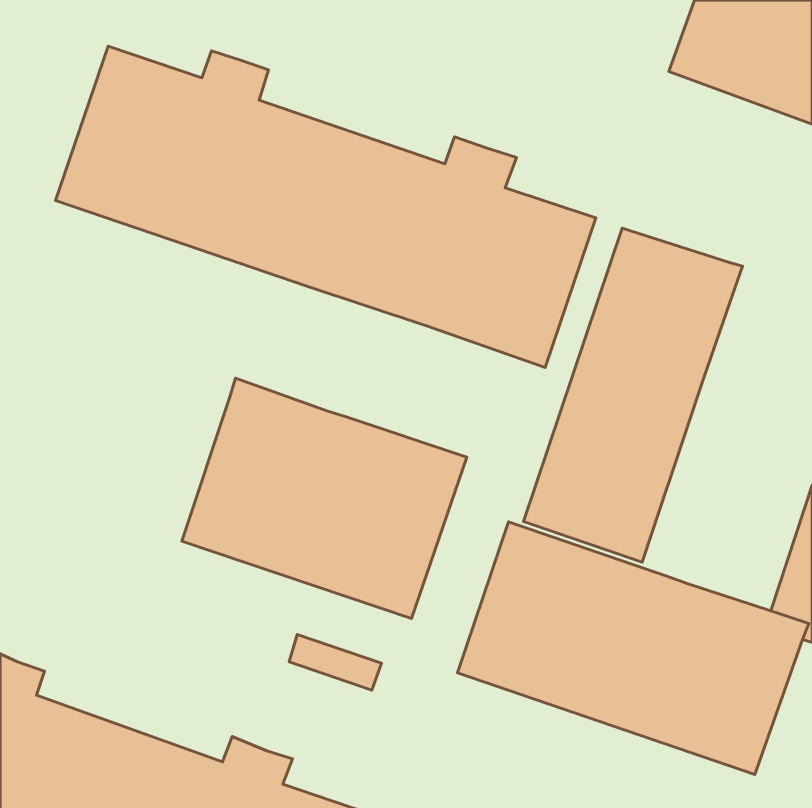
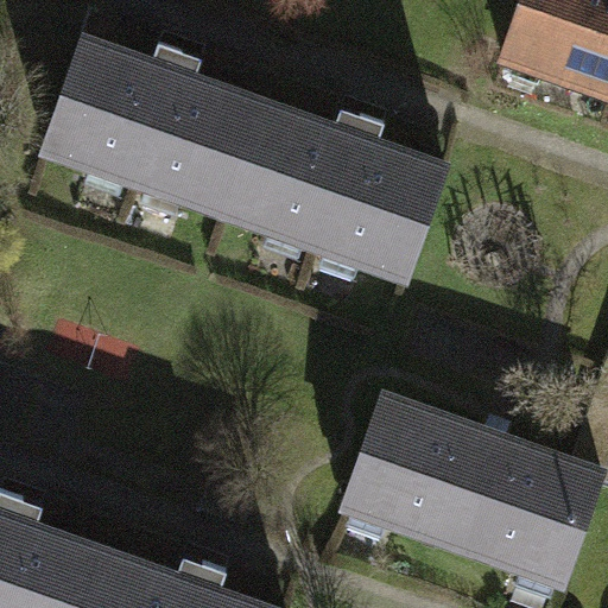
building: [524,228,742,562] -> none
building: [182,378,467,618] -> none

